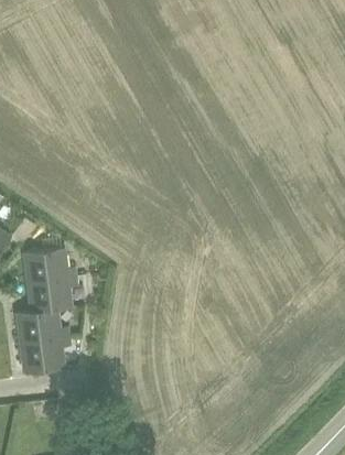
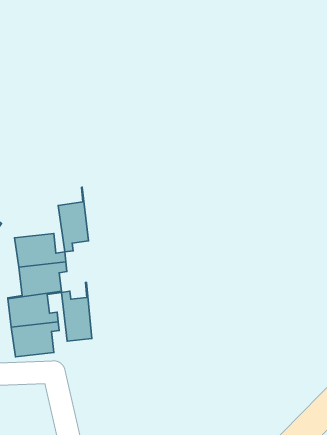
building: none -> [58,187,88,252]
building: none -> [61,282,92,341]

